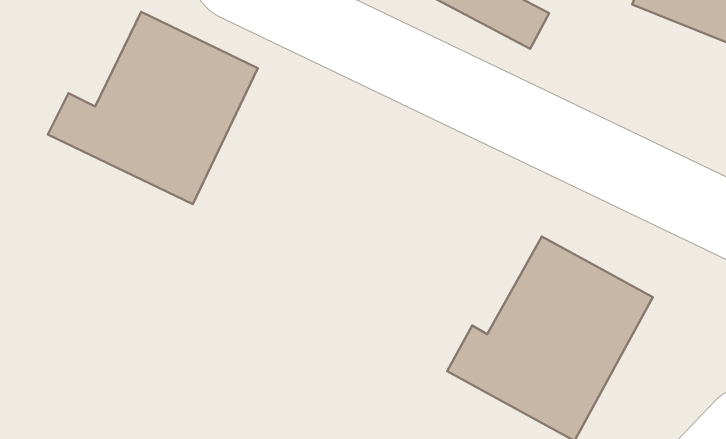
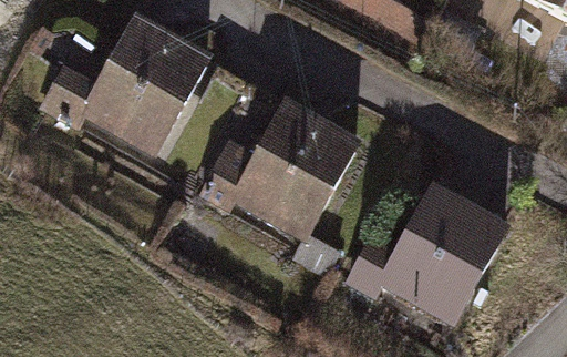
building: none -> [214,92,361,243]

